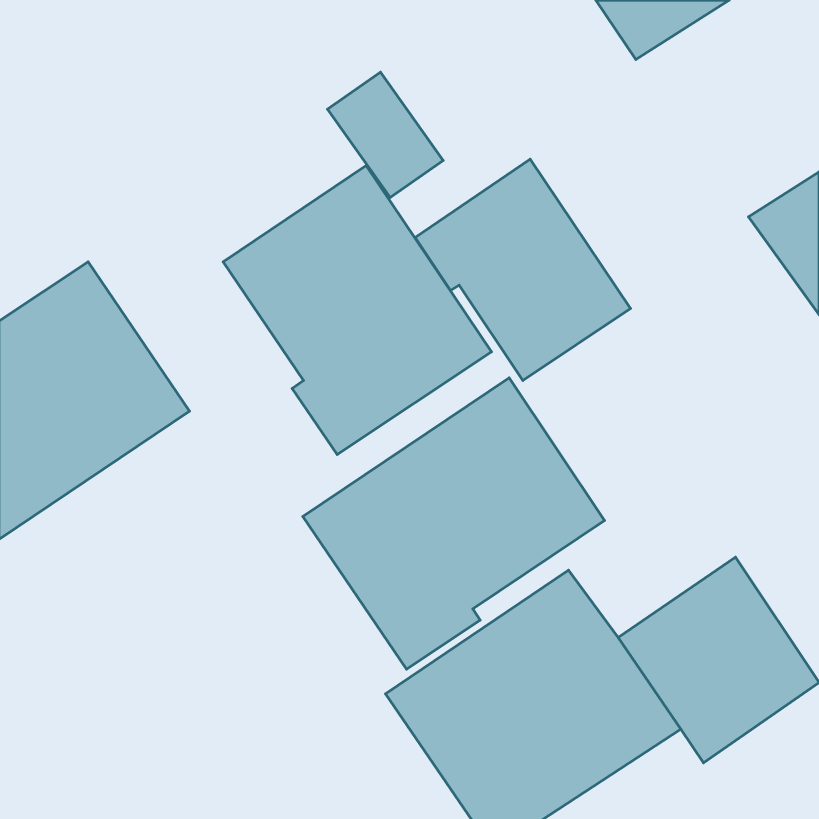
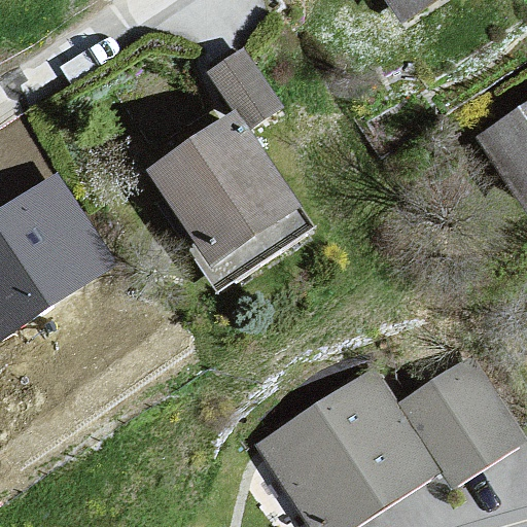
building: [415,159,631,380] -> none
building: [303,378,605,669] -> none

